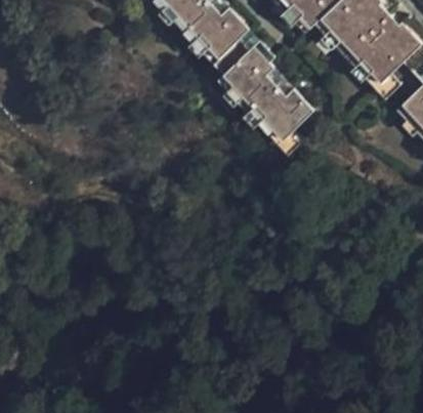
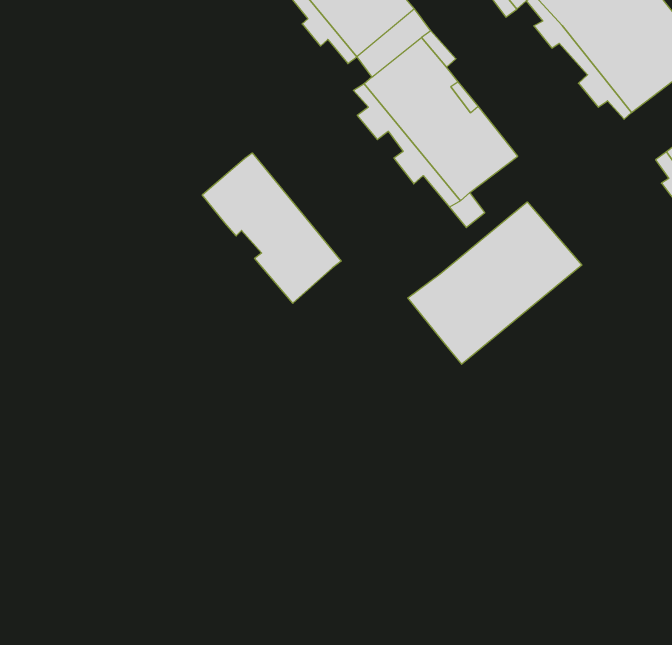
building: none -> [202,153,341,303]
building: none -> [408,202,582,364]

